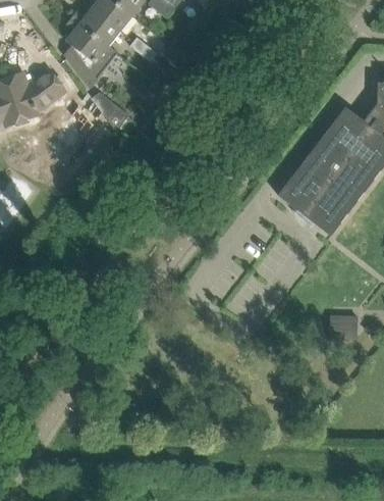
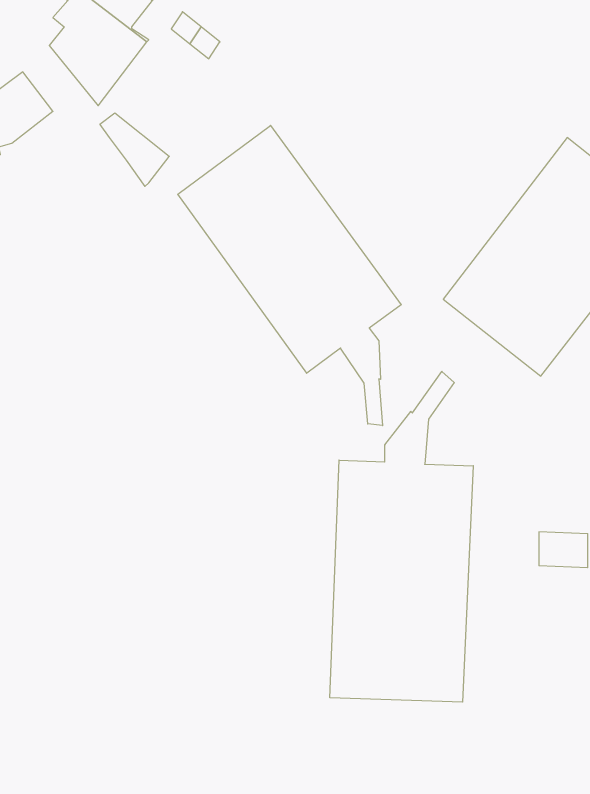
building: none -> [178,125,401,426]
building: none -> [330,371,473,702]

